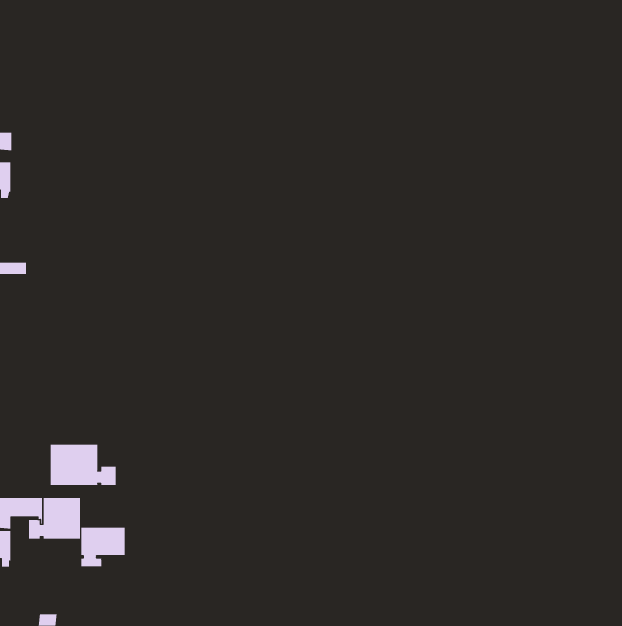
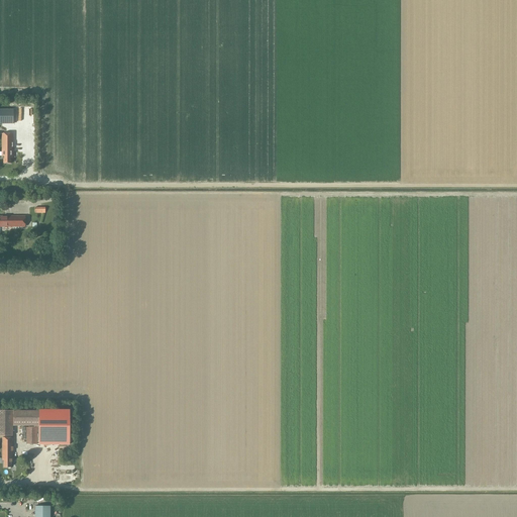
building: [50,444,116,486] -> none
building: [81,527,125,567] -> none

